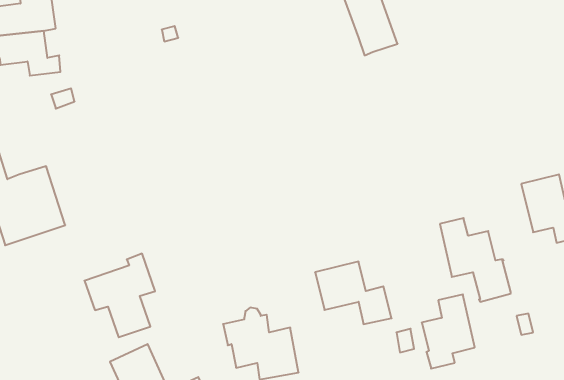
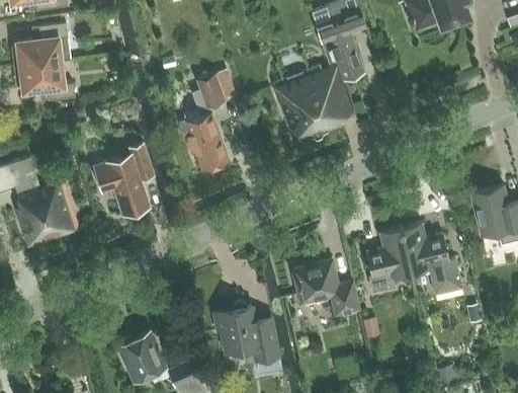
building: none -> [273,67,354,142]
building: none -> [180,74,229,169]
building: [84,254,155,337] -> [93,143,154,215]
building: [422,294,475,369] -> [365,228,411,292]

